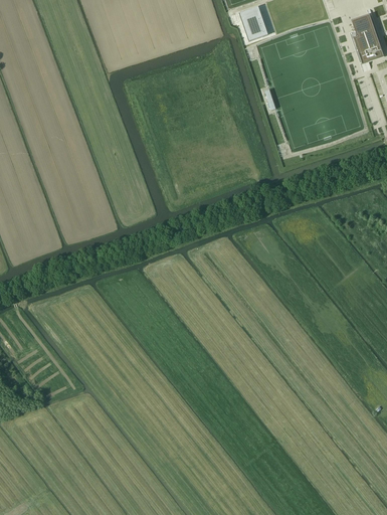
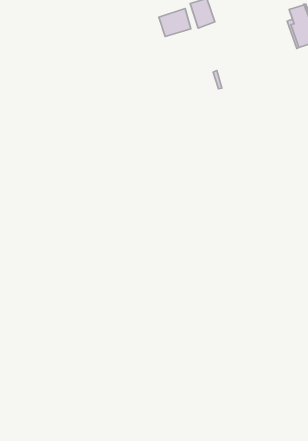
building: none -> [159,9,191,36]

